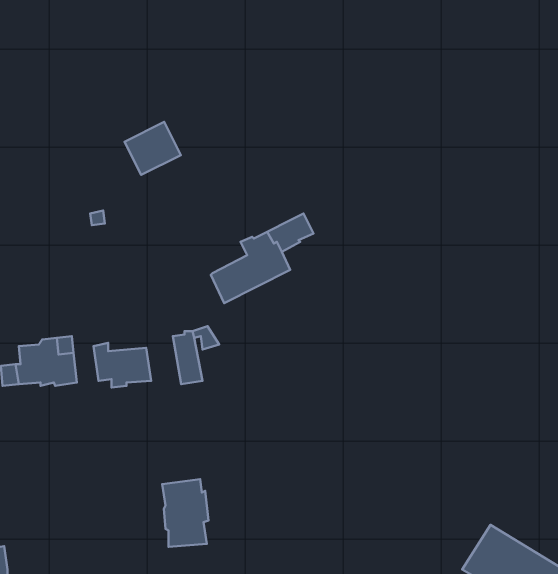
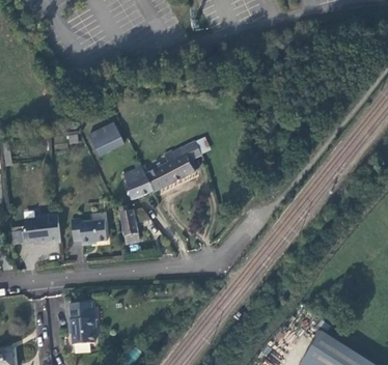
building: [125,122,181,175] -> [88,122,123,156]
building: none -> [122,166,153,200]
building: [162,479,208,547] -> [67,302,96,344]

